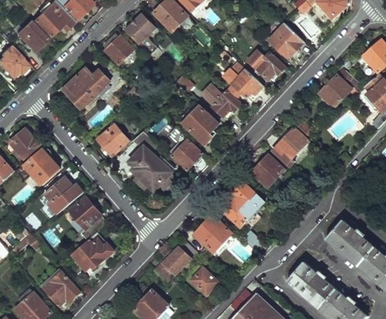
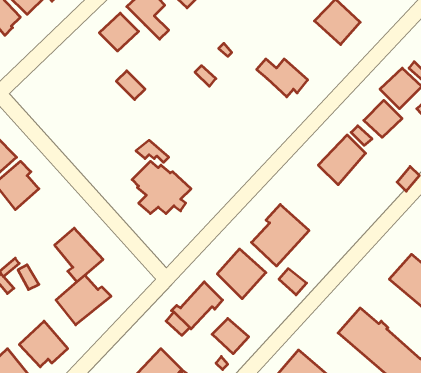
building: [247,51,284,81] -> none
building: [64,62,121,108] -> none
building: [201,85,243,120] -> none
building: none -> [364,100,402,137]
building: [182,106,218,145] -> none
building: [96,124,128,156] -> none
building: [171,140,202,170] -> none
building: [251,155,284,188] -> none
building: [44,177,82,207] -> none

